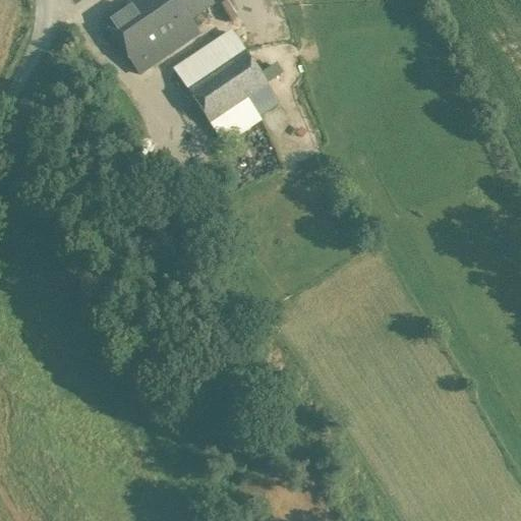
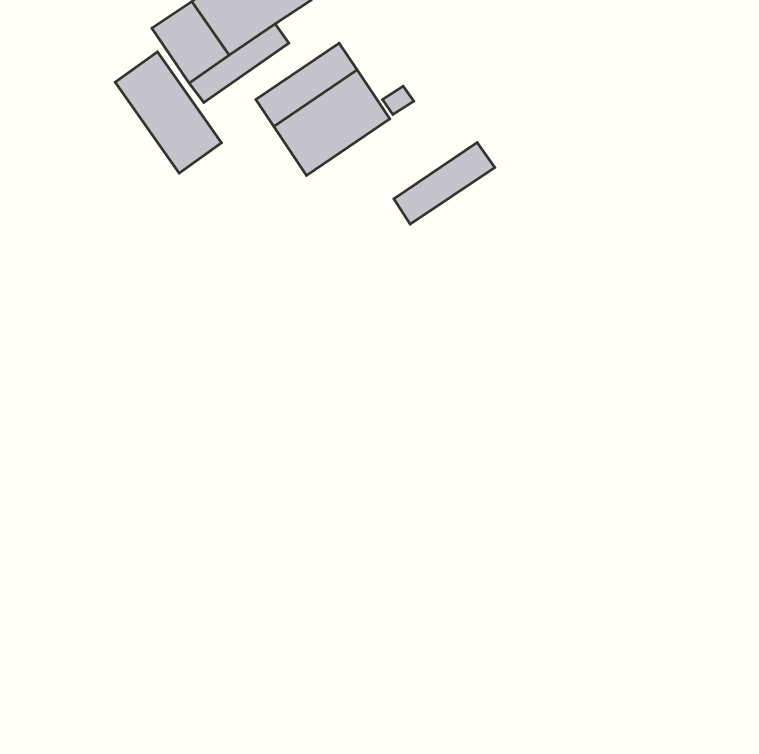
building: none -> [115,52,222,173]
building: [211,81,280,137] -> [394,142,495,224]

